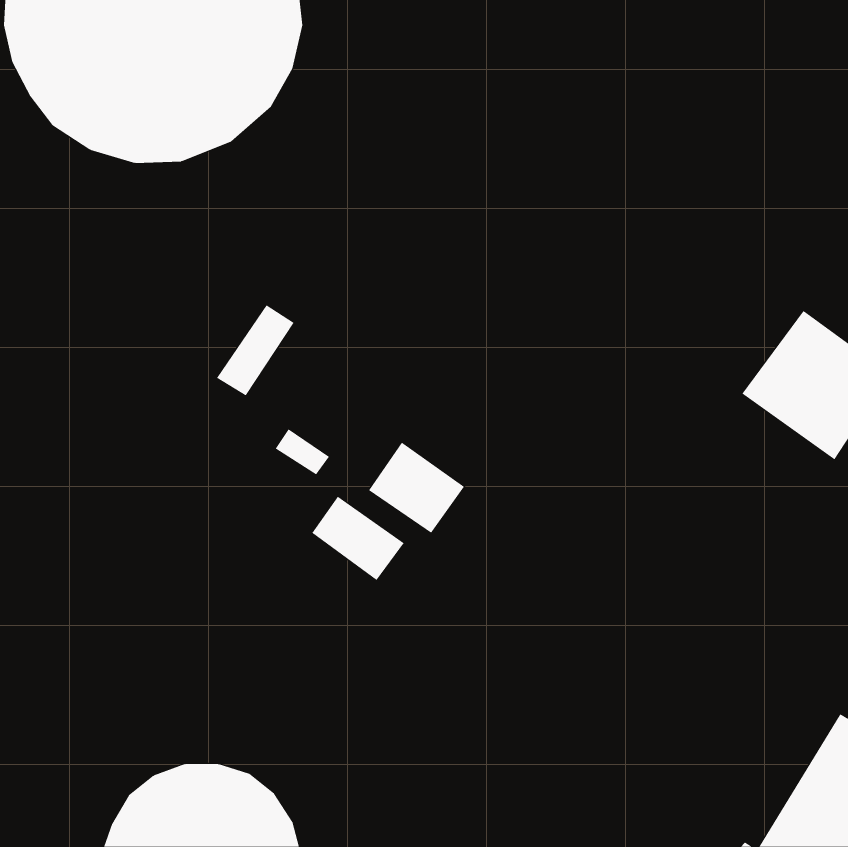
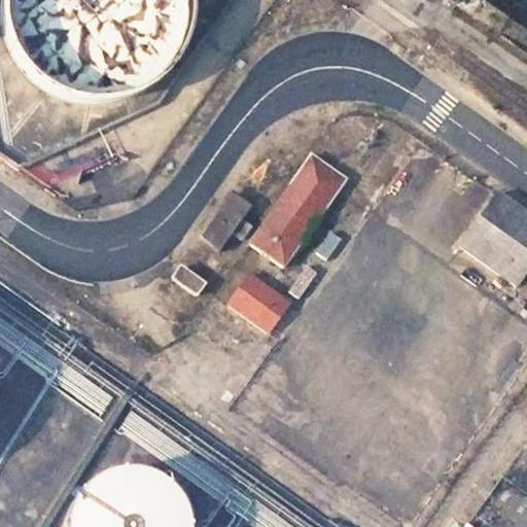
building: none -> [250,153,347,265]
building: [216,304,294,396] -> [200,191,248,248]
building: [312,496,405,581] -> none

